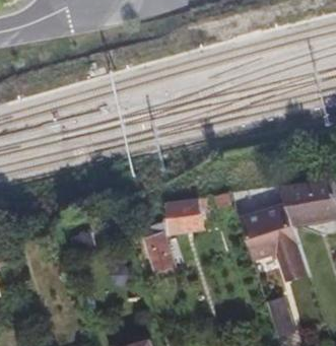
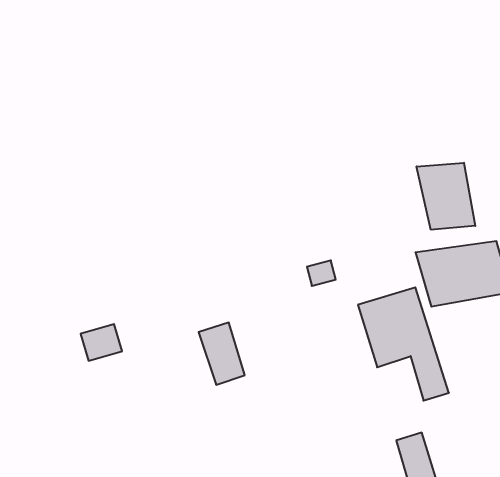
building: none -> [417,163,475,230]
building: [165,197,203,232] -> none

